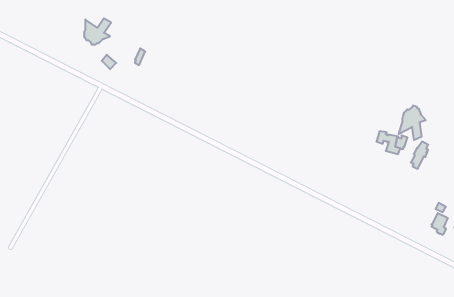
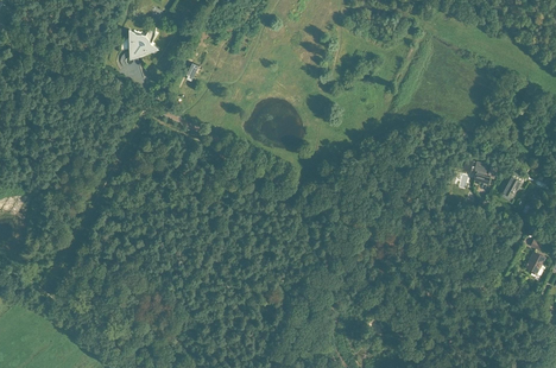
building: [399,105,426,140] -> none

